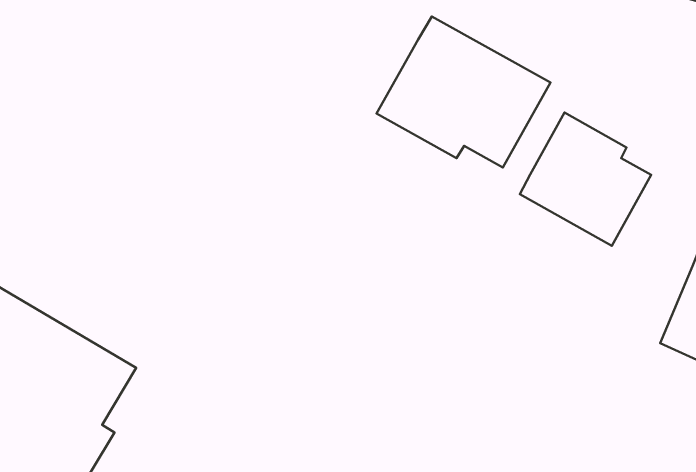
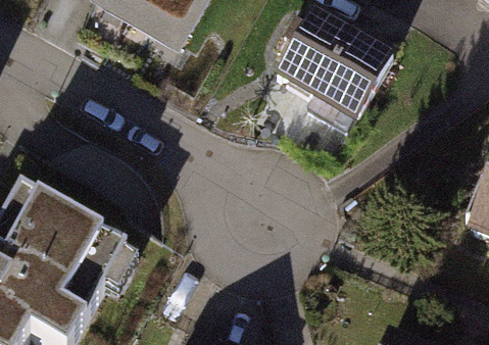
building: [520,113,651,246] -> none

